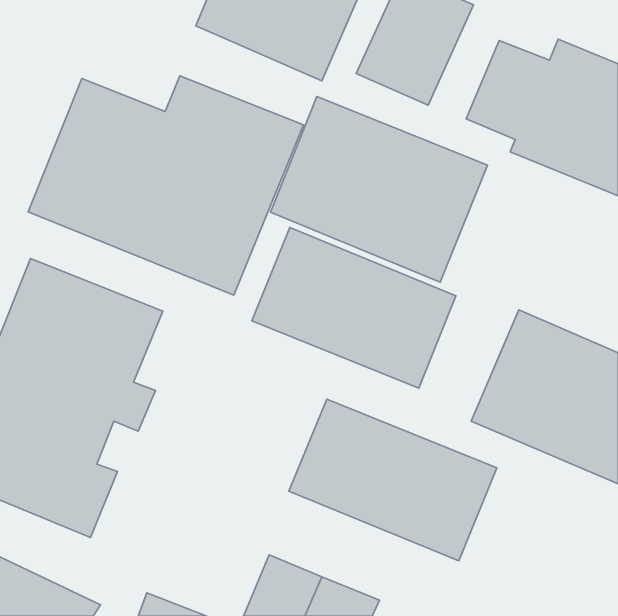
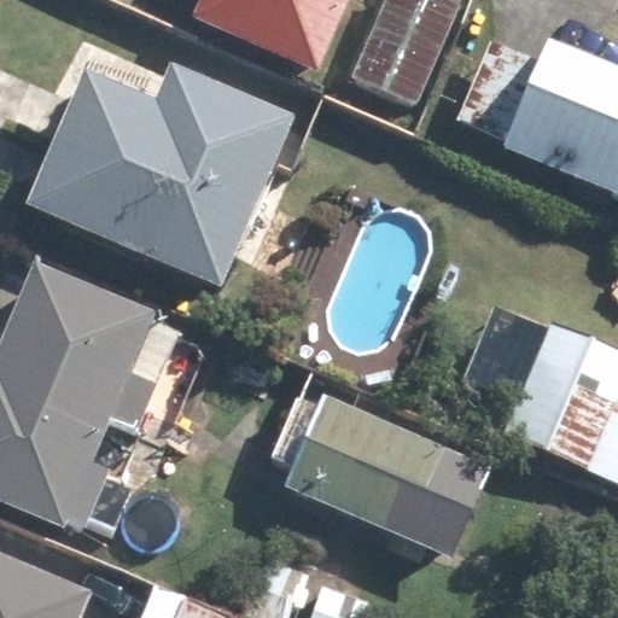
building: [270,96,488,282] -> none
building: [252,228,456,388] -> none

